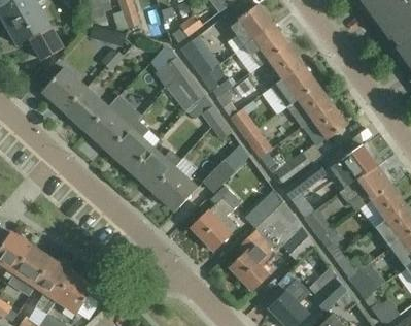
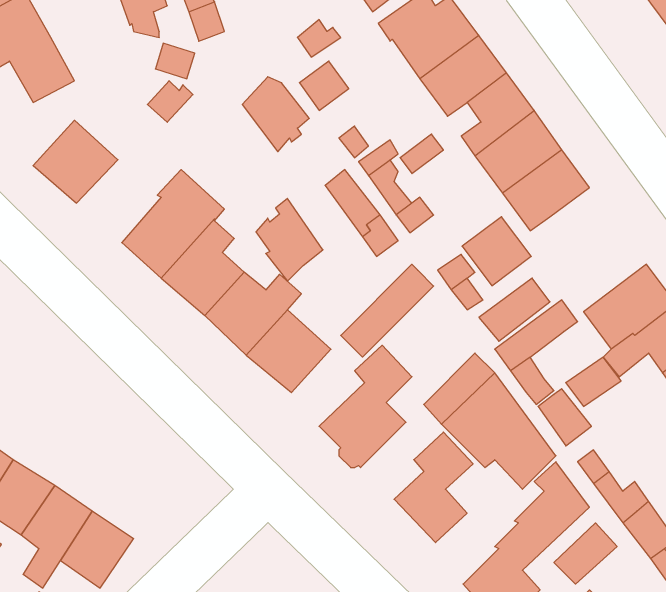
building: [169,67,204,110] -> [256,198,323,281]
building: [64,89,108,132] -> none
building: [311,103,347,139] -> [462,217,531,286]

